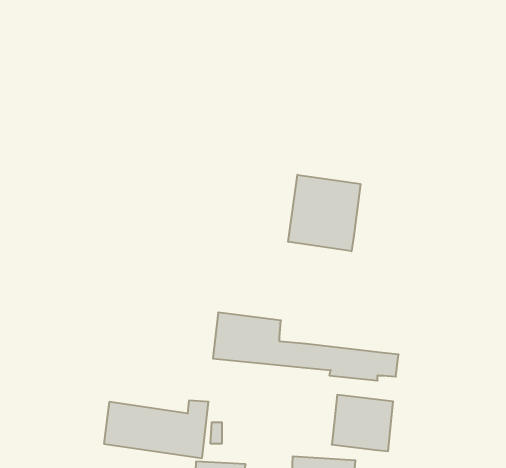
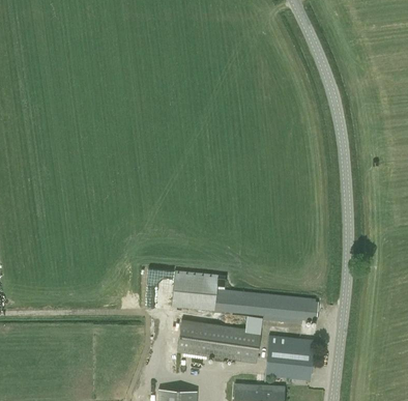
building: [288,175,360,251] -> none
building: [104,401,209,458] -> [178,318,261,364]

